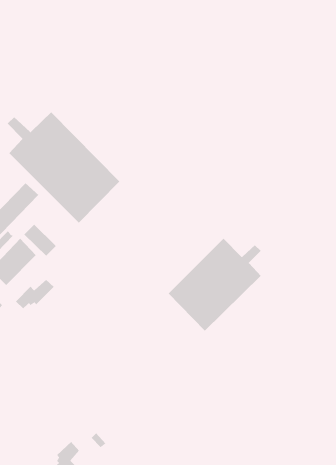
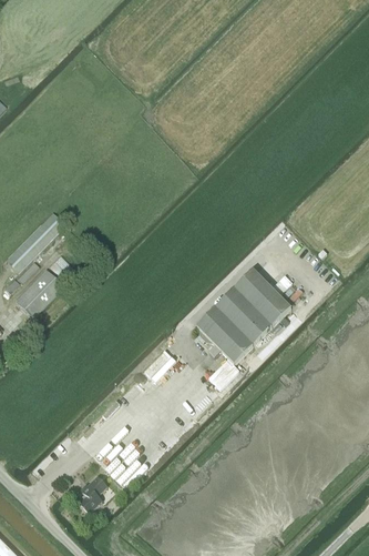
building: [7,111,120,223] -> none
building: [15,279,54,309] -> none

